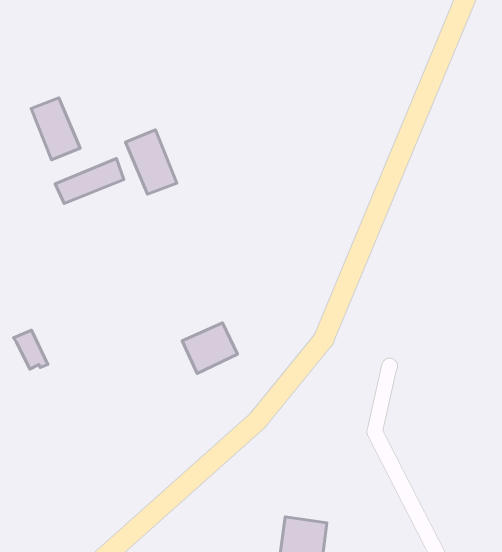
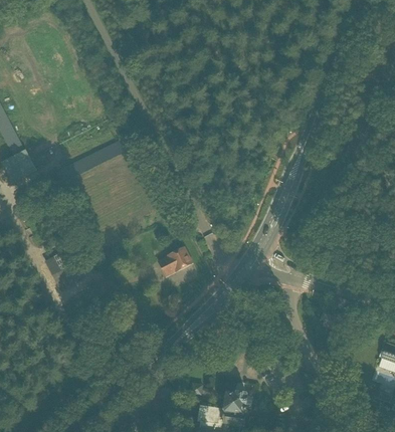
building: [31,98,80,160] -> none
building: [126,130,177,194] -> none

